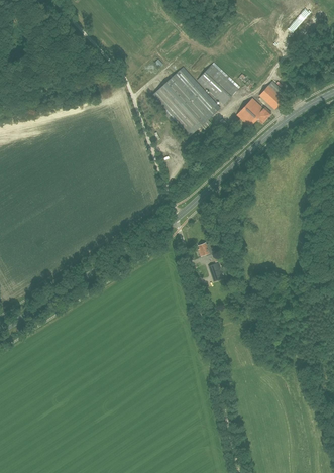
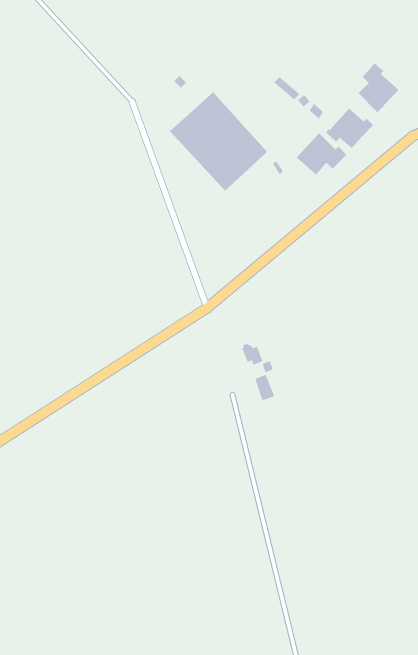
building: none -> [358,62,399,113]
building: [198,64,238,103] -> none

